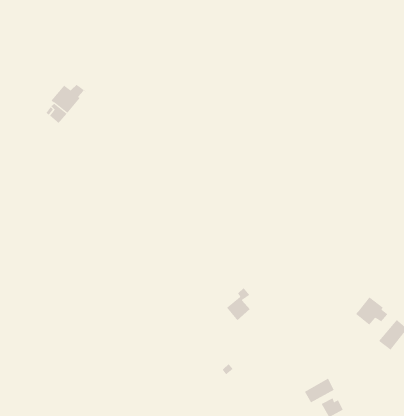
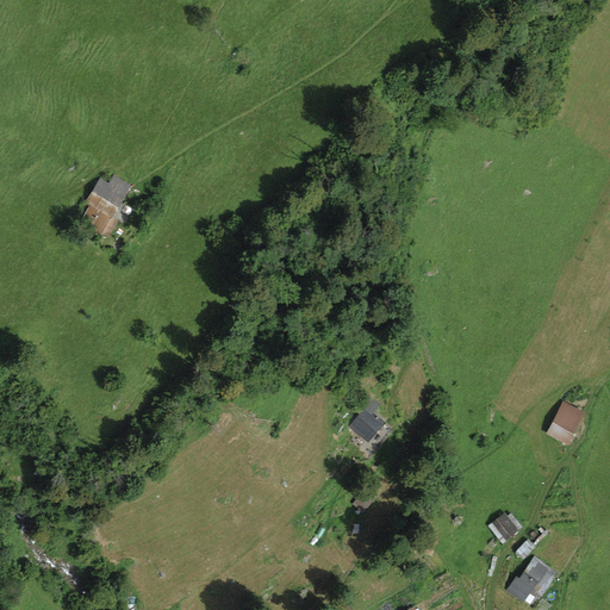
building: [355,297,390,325] -> none
building: [304,378,335,403] -> none

